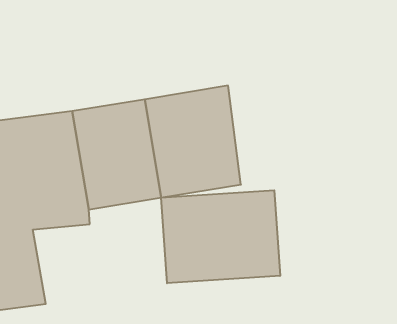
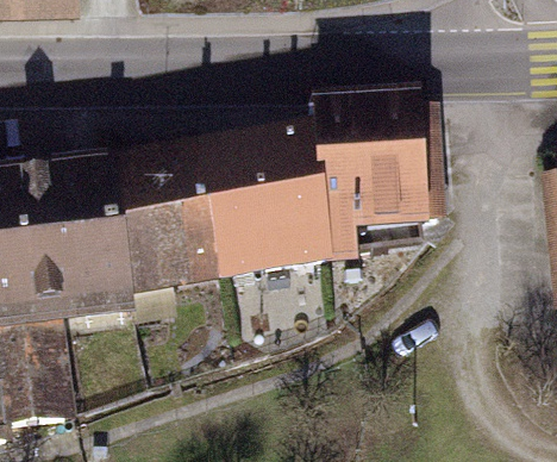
building: none -> [306,101,442,260]
building: [161,190,280,283] -> none

